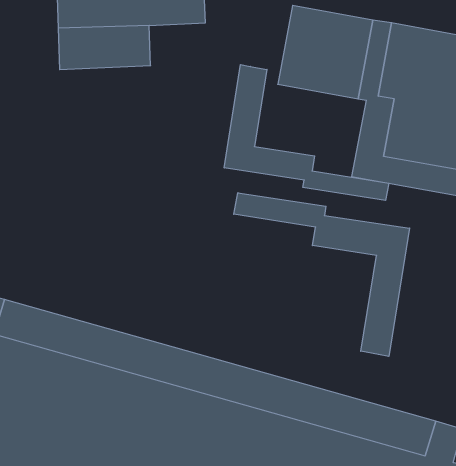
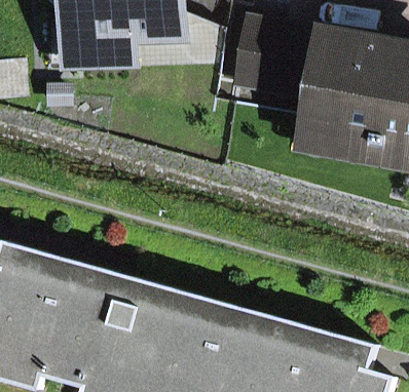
building: [224,65,389,200] -> none
building: [234,193,410,356] -> none

